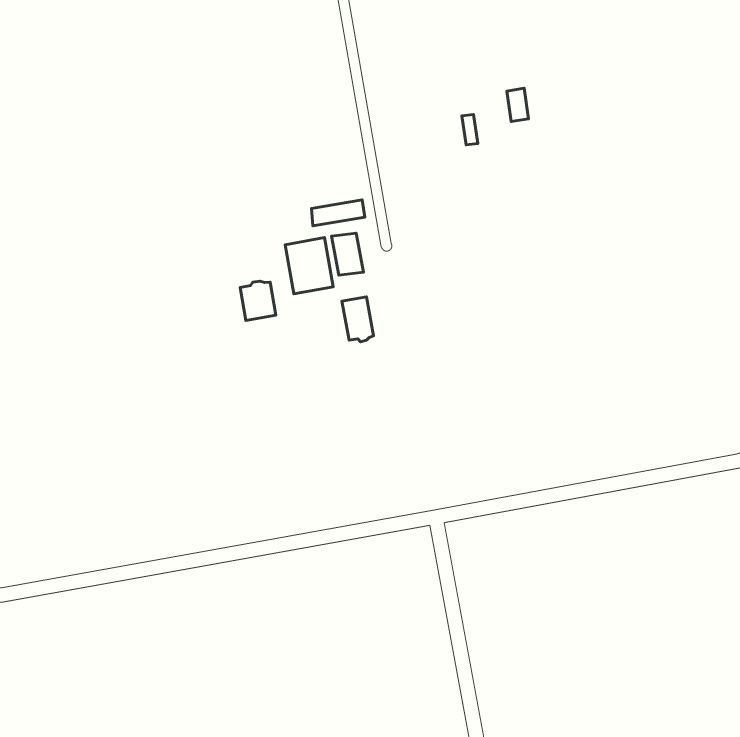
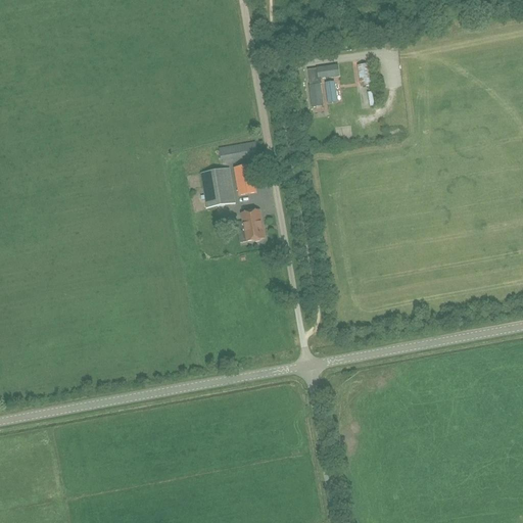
building: none -> [307,63,339,106]
building: [240,281,276,321] -> none

